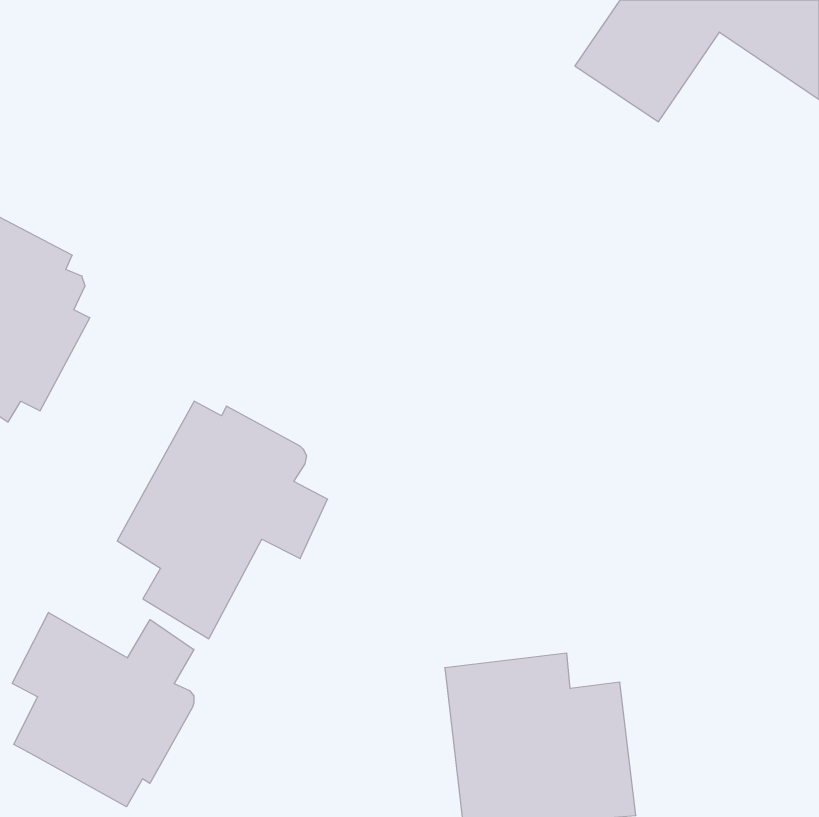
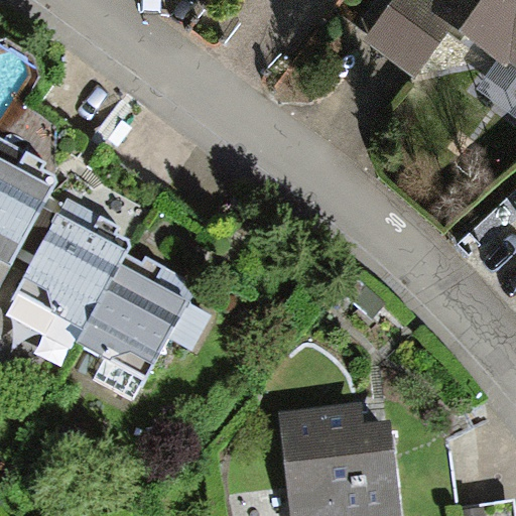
building: none -> [10,198,126,331]
building: [12,612,194,807] -> none

